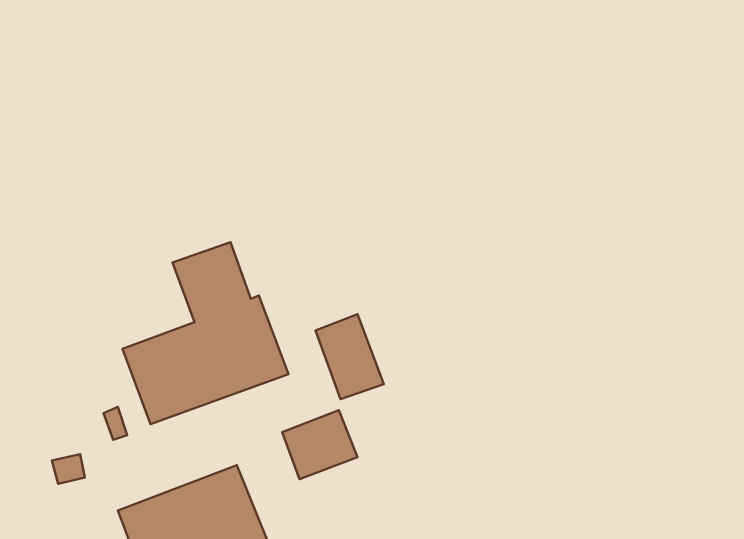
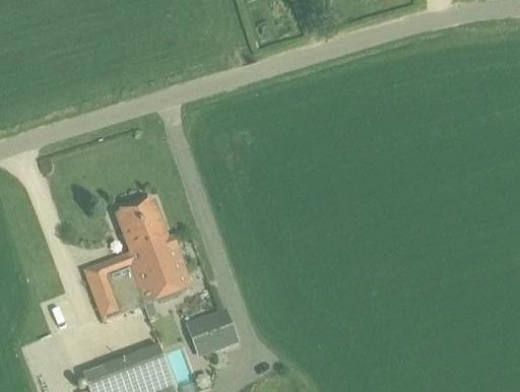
building: [315,314,384,399] -> none

